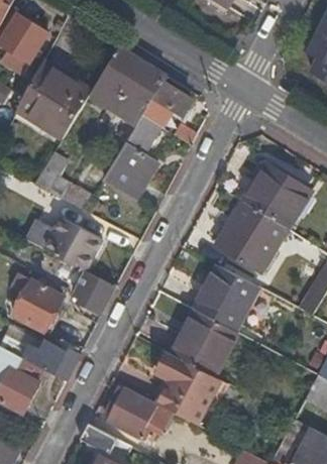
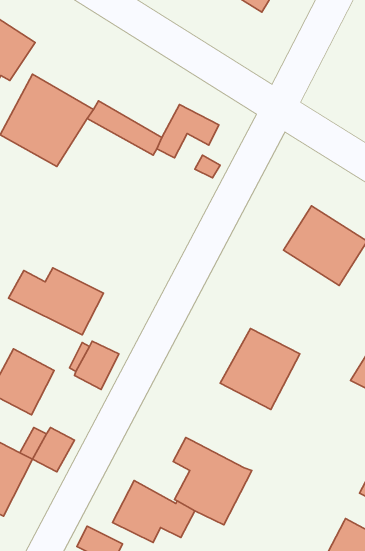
building: [96,47,166,112] -> none
building: [103,121,161,202] -> none
building: [31,152,93,210] -> none
building: [210,199,289,275] -> none
building: [170,308,236,375] -> none

